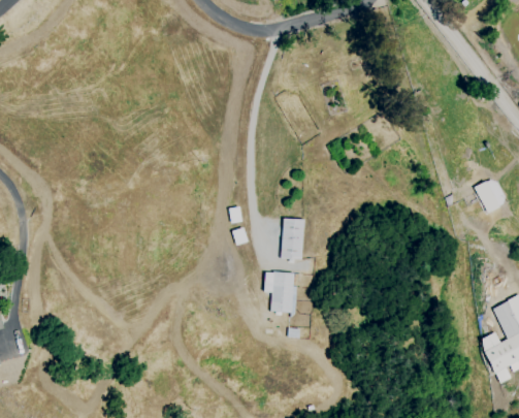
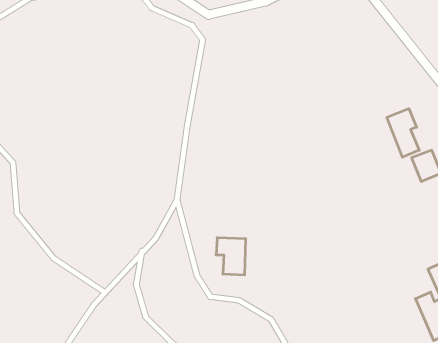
building: none -> [387,109,419,157]
building: [281,218,303,259] -> none

